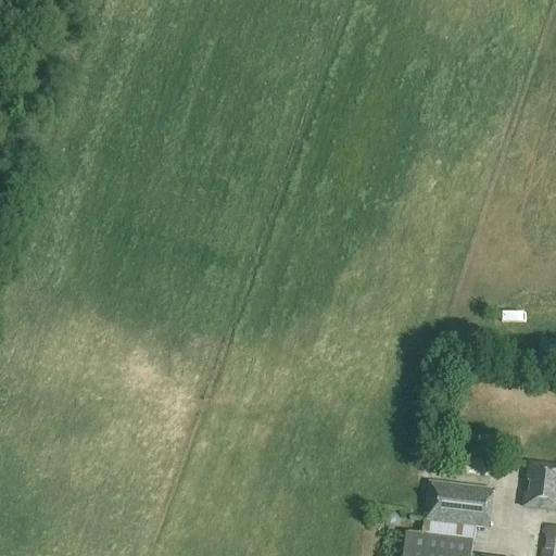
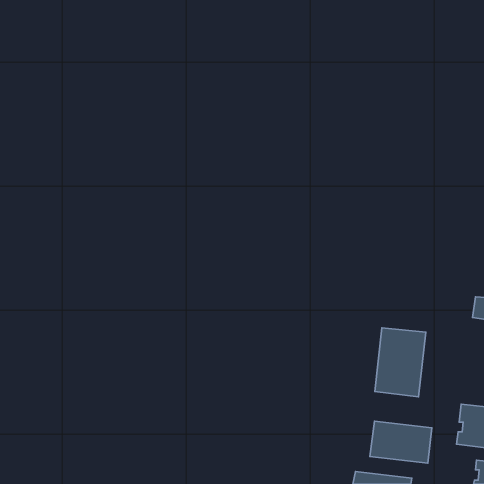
building: none -> [375,328,426,397]

